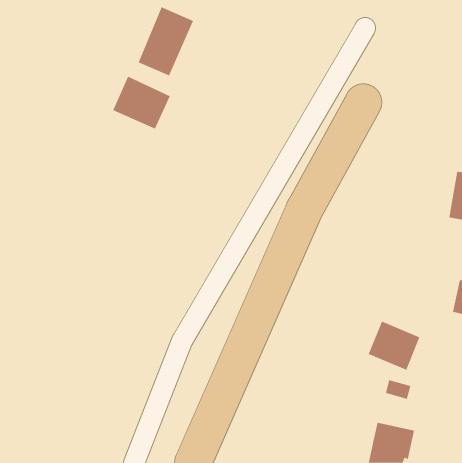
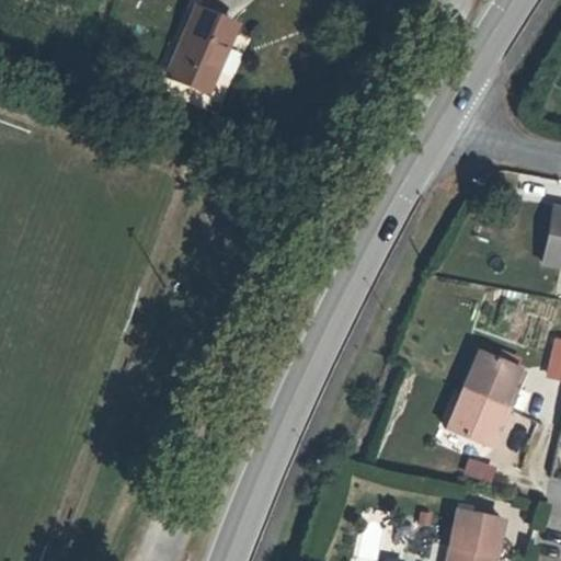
building: [112,76,170,130] -> none
building: none -> [462,348,527,408]

